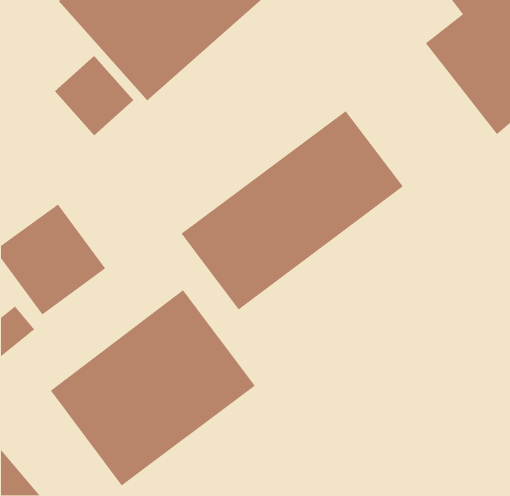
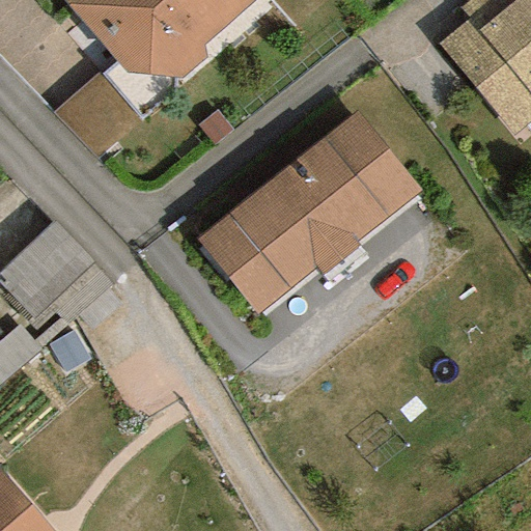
building: [50,289,256,487] -> none

